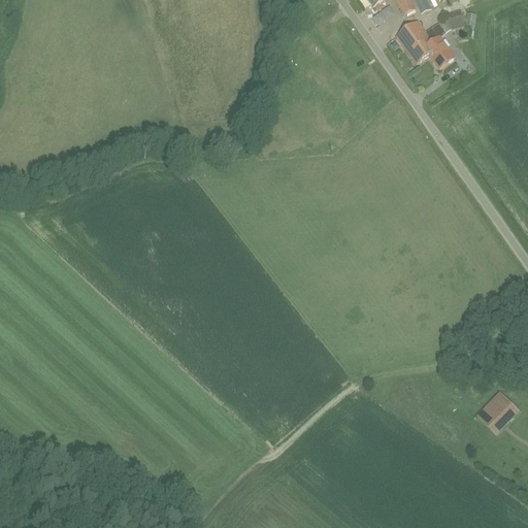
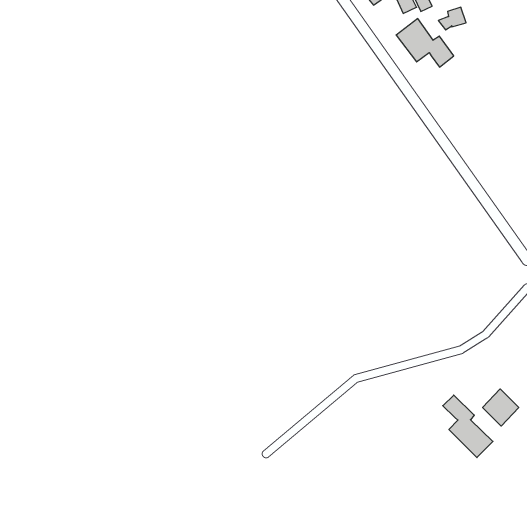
building: none -> [443,395,493,458]

